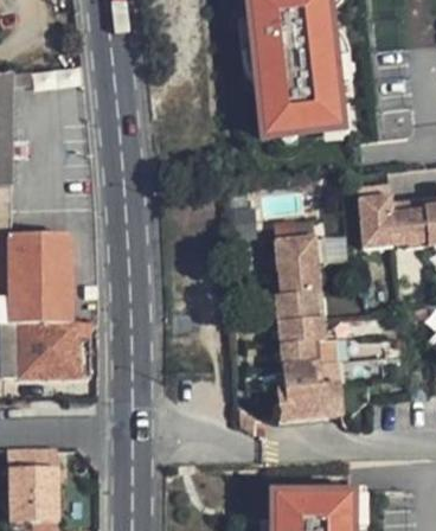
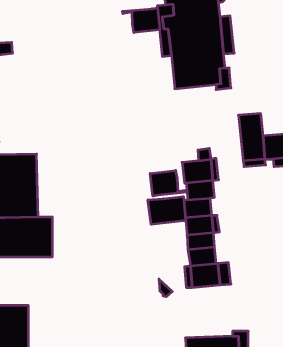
building: none -> [123,8,160,33]
building: none -> [150,170,187,196]
building: none -> [148,197,186,224]

